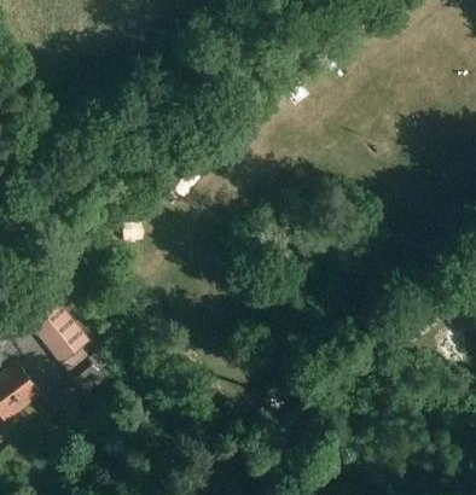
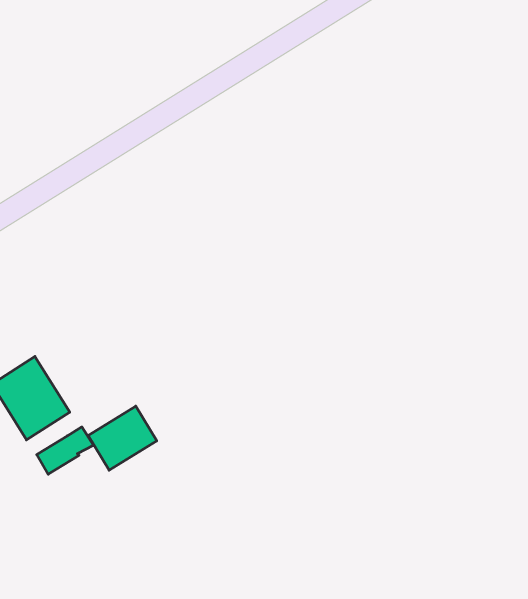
building: none -> [88,406,157,470]

